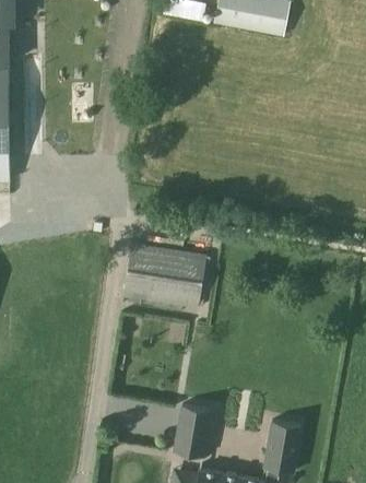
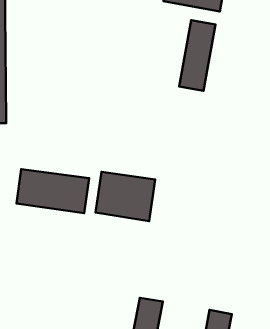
building: none -> [179,20,215,91]
building: none -> [16,169,89,213]

